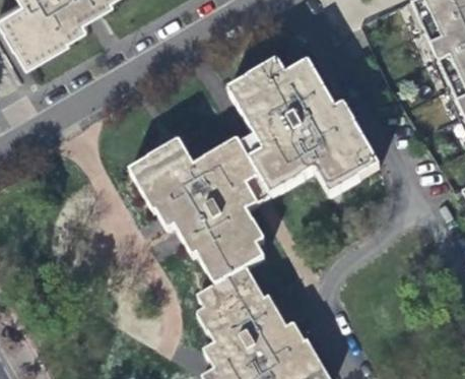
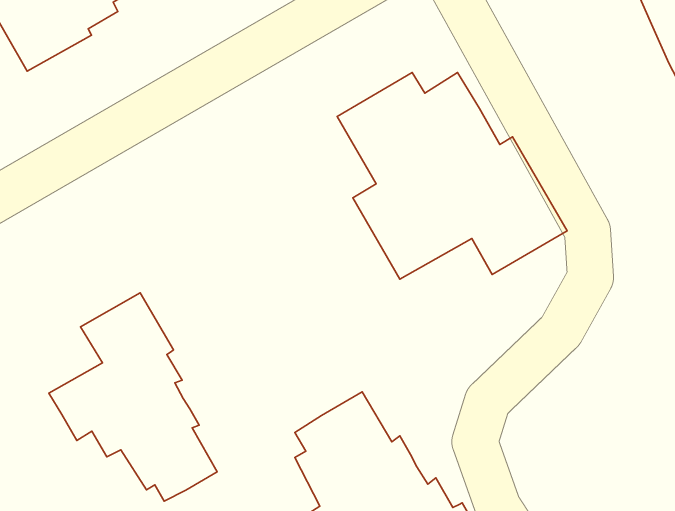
building: [127,138,267,283] -> none
building: none -> [49,293,217,501]

